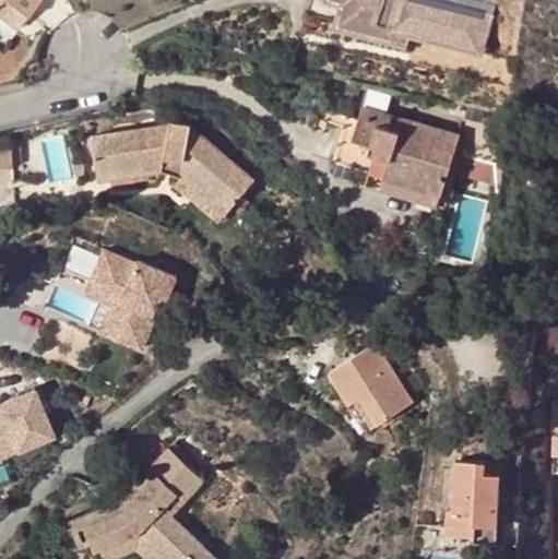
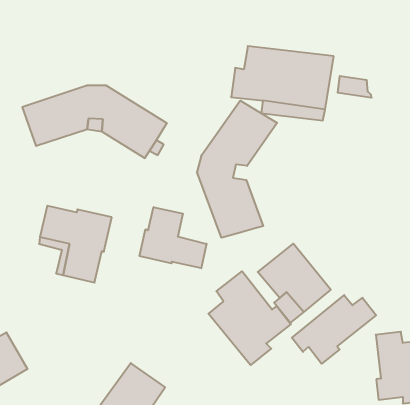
building: none -> [197,101,277,238]
building: none -> [140,207,207,268]
building: none -> [208,271,291,365]
building: none -> [292,295,376,364]

